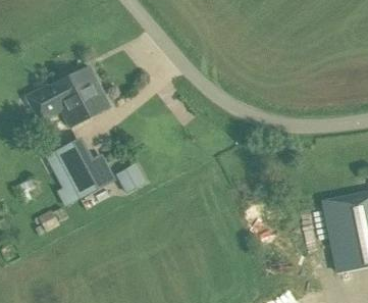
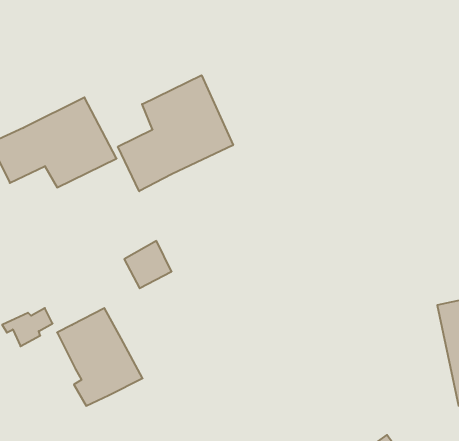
building: none -> [118,75,233,191]
building: [46,139,103,204] -> [57,308,143,406]

